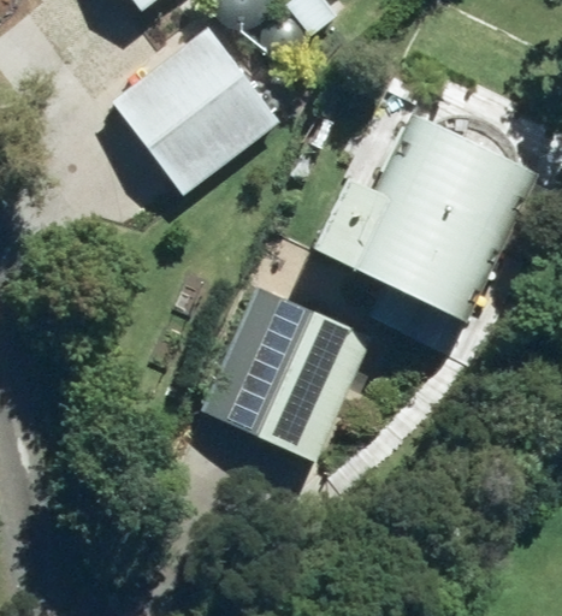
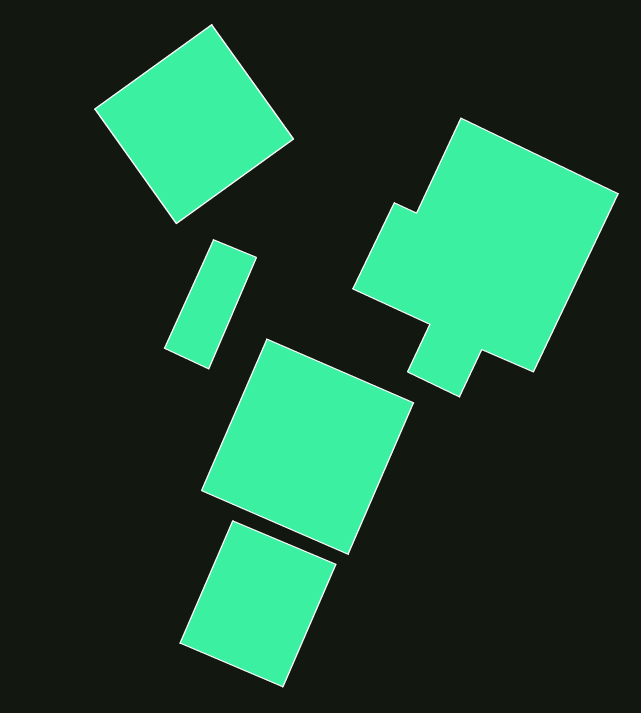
building: none -> [180,521,336,687]

